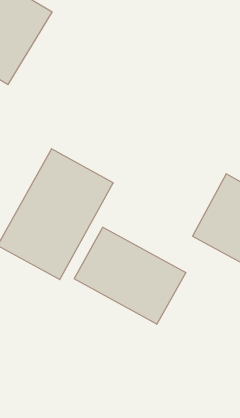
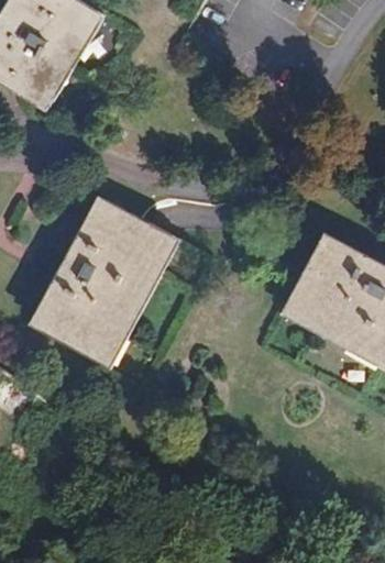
building: [74,227,186,324] -> none

